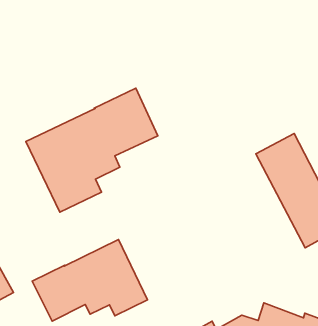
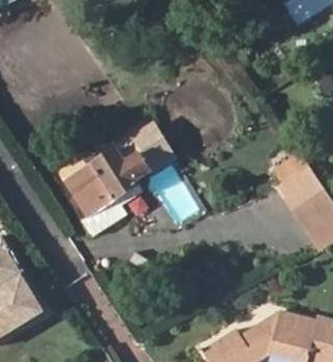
building: [32,239,148,321] -> none

